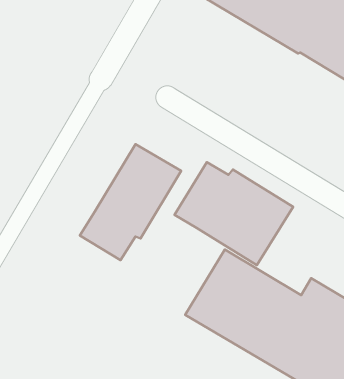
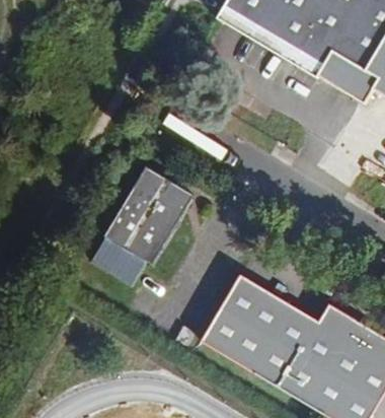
building: [175,162,293,265] -> none

